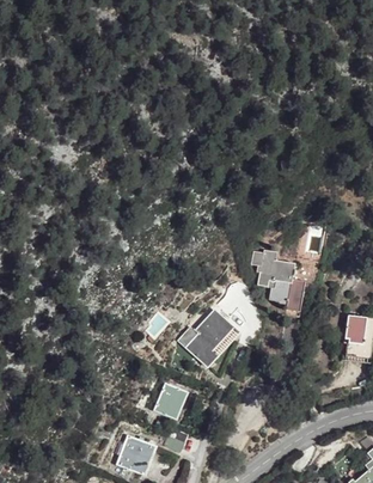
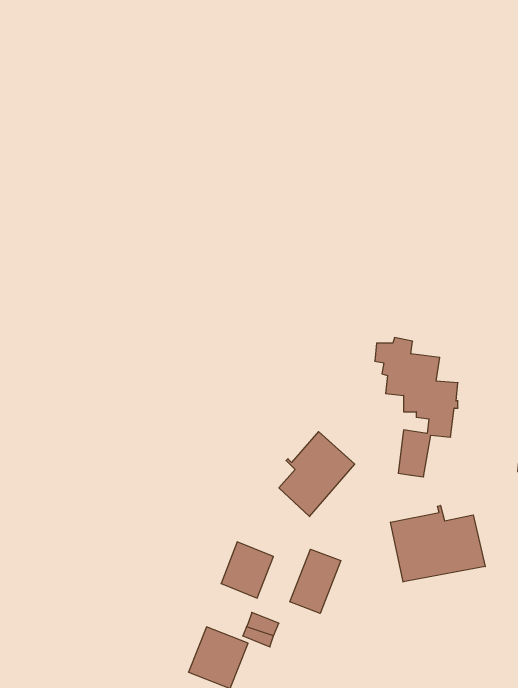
building: none -> [391,505,485,582]
building: none -> [290,549,341,613]

